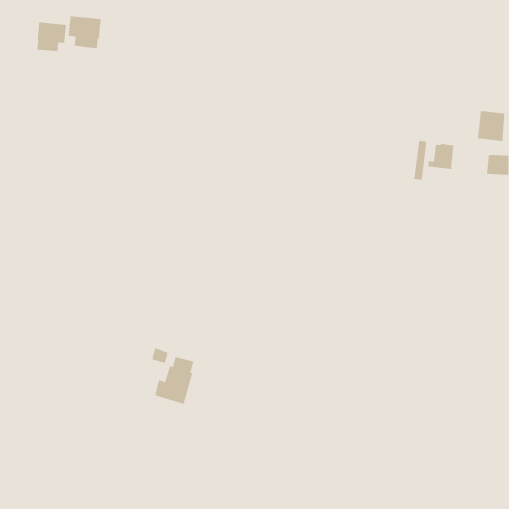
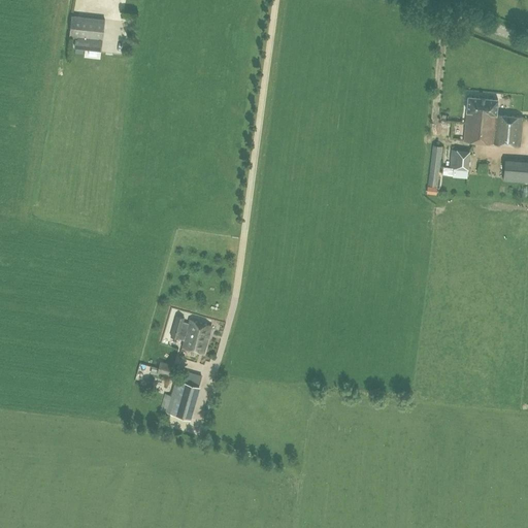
building: [37,22,66,52] -> none
building: none -> [463,96,498,143]
building: none -> [171,316,212,353]

